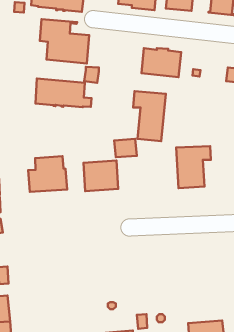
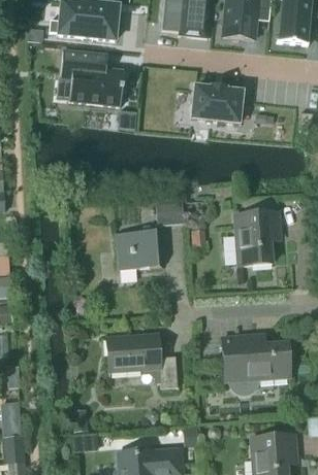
building: [35,79,92,107] -> none
building: [133,91,166,141] -> none
building: [28,156,67,192] -> none
building: none -> [107,334,179,388]
building: none -> [222,335,290,393]

